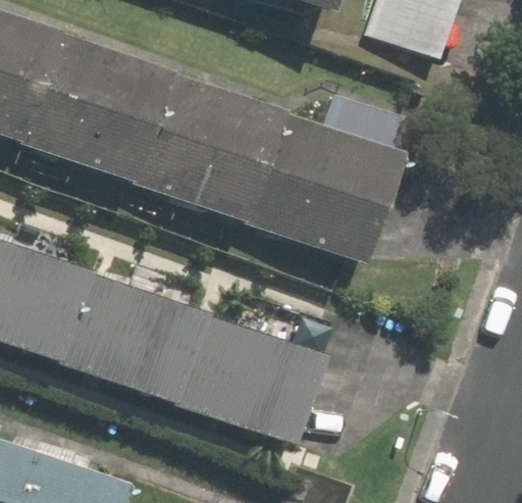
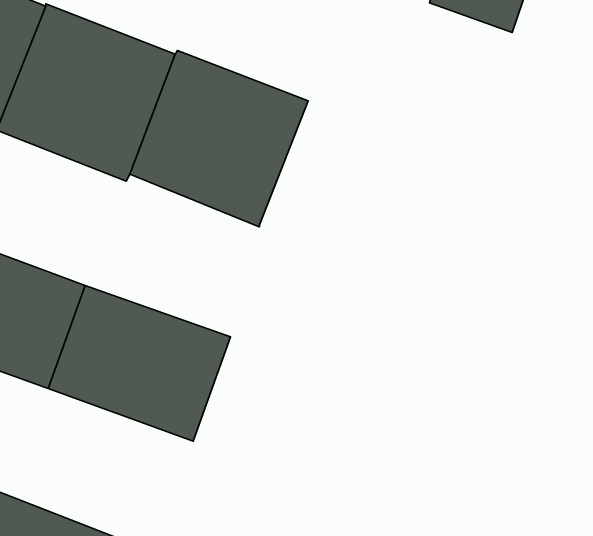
building: [227,88,389,256] -> none
building: [170,311,326,445] -> none

